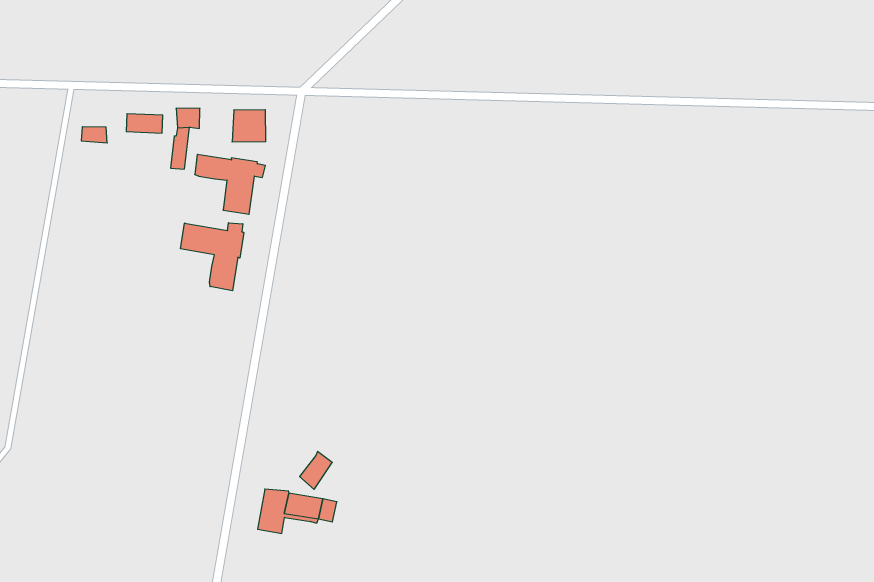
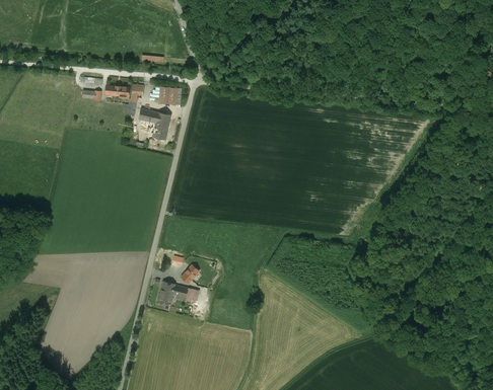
building: [181,223,244,291] -> none

